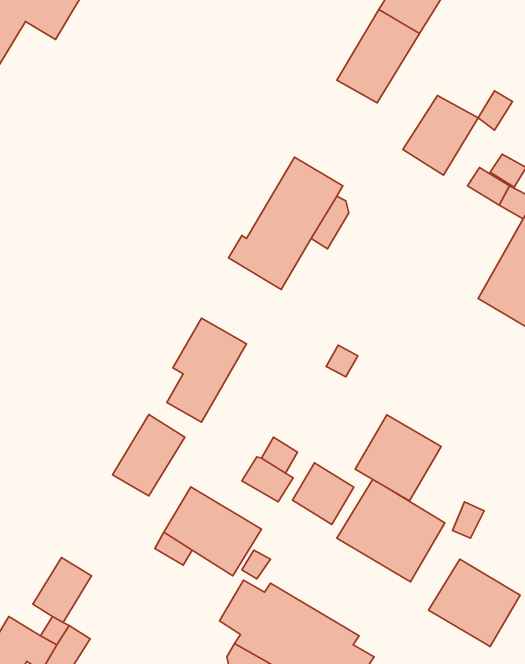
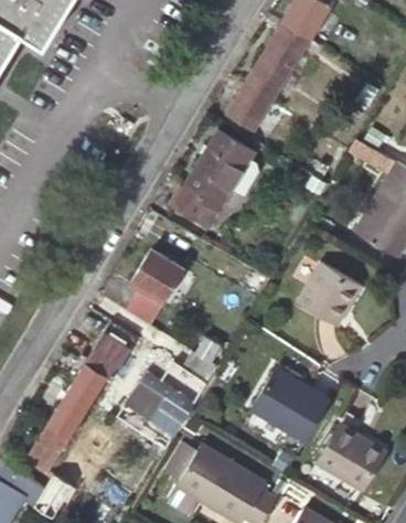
building: [403,95,478,175] -> [225,74,280,132]
building: [355,415,441,501] -> [298,263,361,325]
building: [292,463,354,524] -> none
building: none -> [49,363,107,437]

